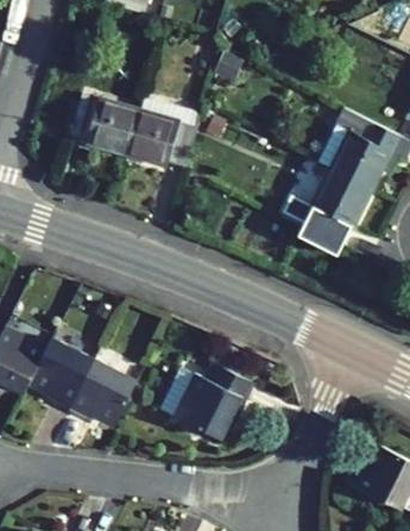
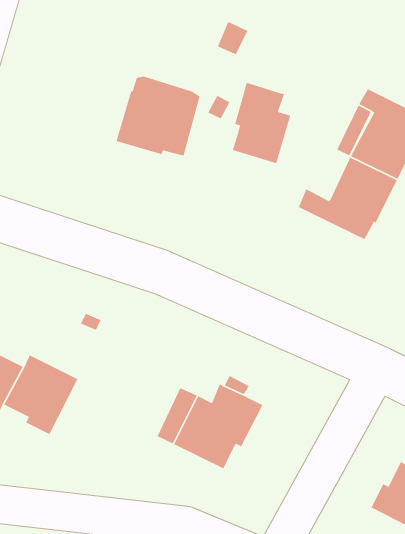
building: [71,96,140,157] -> none
building: none -> [232,82,291,164]
building: [70,362,138,428] -> none

